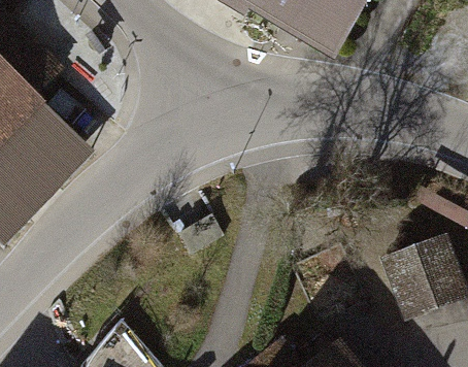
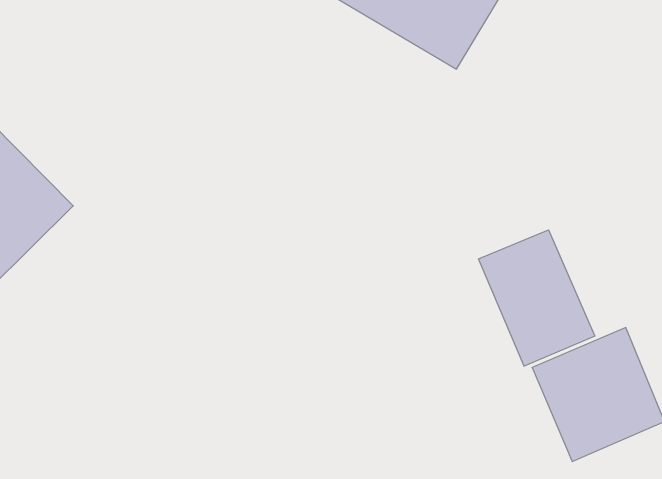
building: none -> [478,230,595,366]

